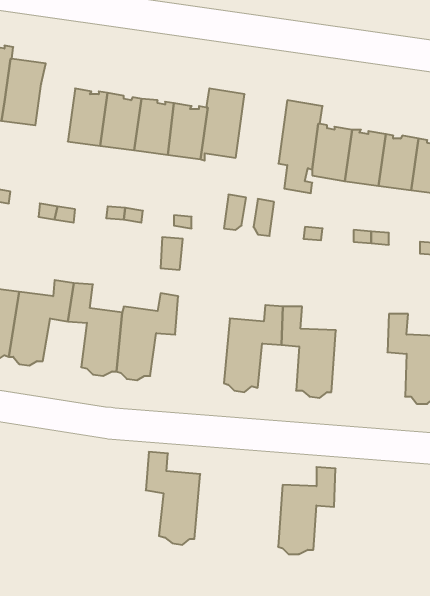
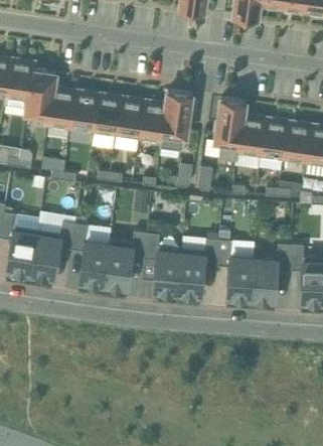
building: none -> [47,87,76,126]
building: [146,452,200,545] -> [145,232,182,295]
building: [278,467,336,554] -> [252,243,291,302]

